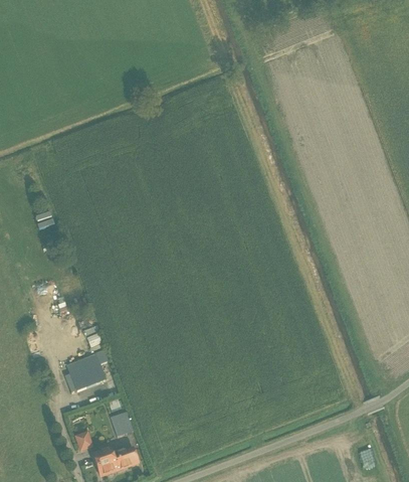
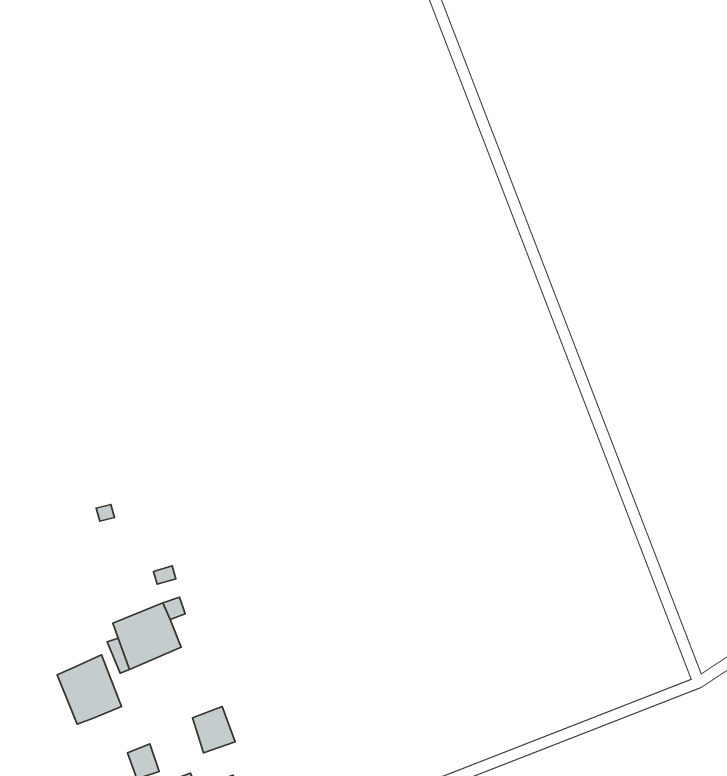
building: none -> [57,655,121,724]

